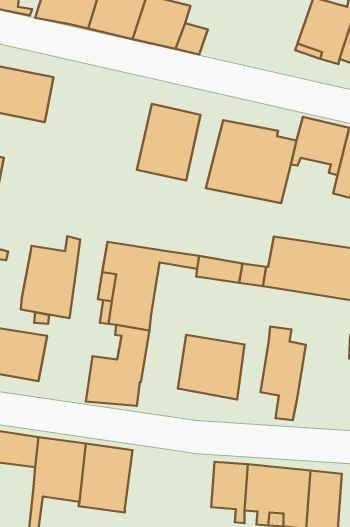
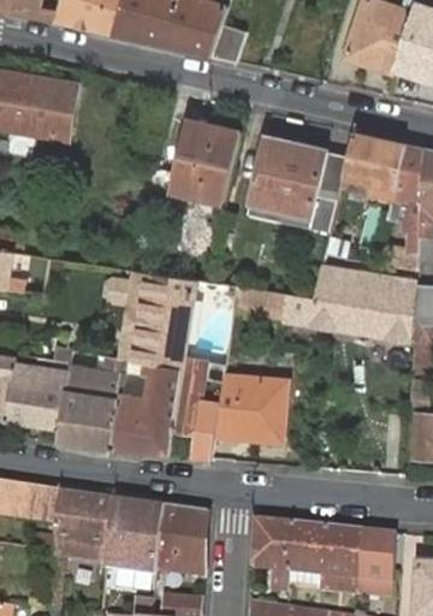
building: [21,236,80,318] -> [57,359,123,450]
building: [260,326,306,420] -> [172,355,223,460]
building: none -> [154,504,206,576]

